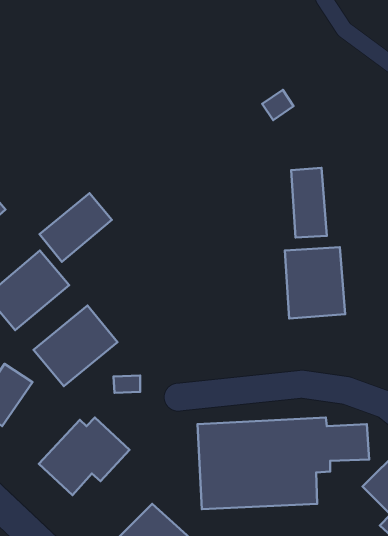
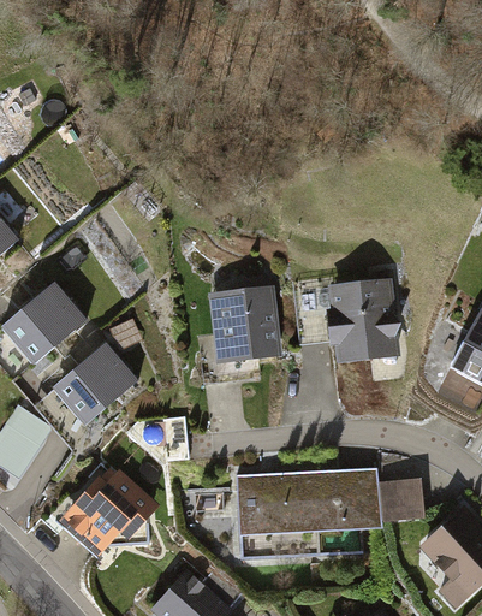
building: [291,168,327,237] -> none
building: [40,193,112,262] -> none
building: none -> [207,286,280,360]

